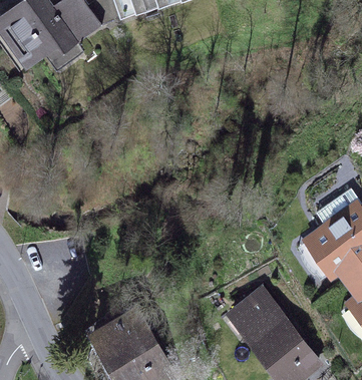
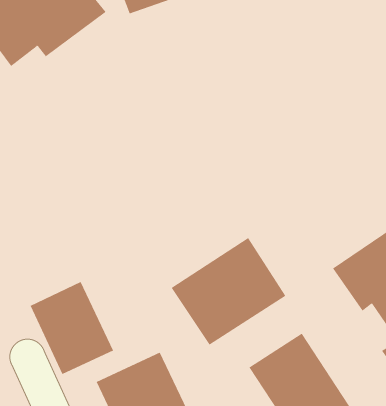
building: none -> [171,237,286,345]
building: none -> [30,281,114,375]

